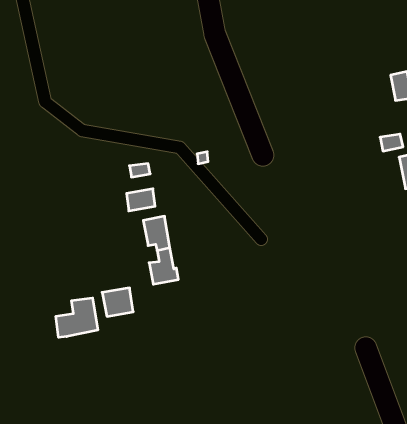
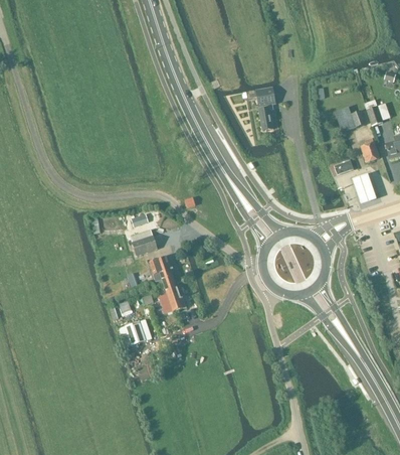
building: none -> [255,87,275,130]
building: [56,298,98,337] -> none

